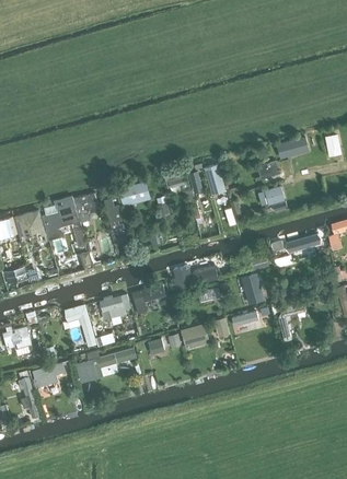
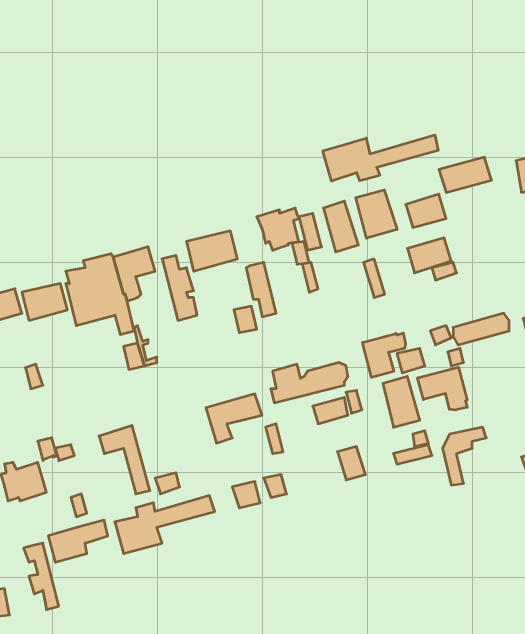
building: none -> [323,135,438,181]
building: none -> [356,190,397,238]
building: none -> [363,333,406,377]
building: none -> [418,367,467,410]
building: [99,293,130,317] -> none
building: [180,323,209,349] -> none

